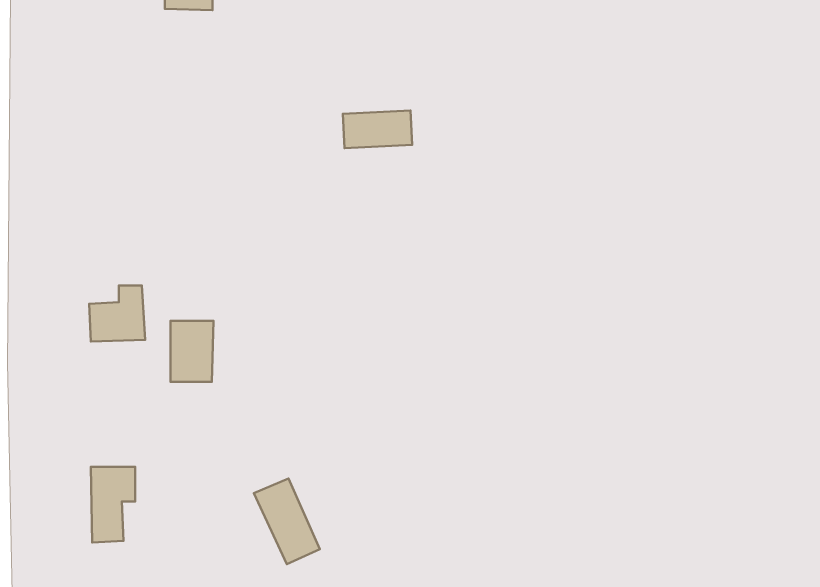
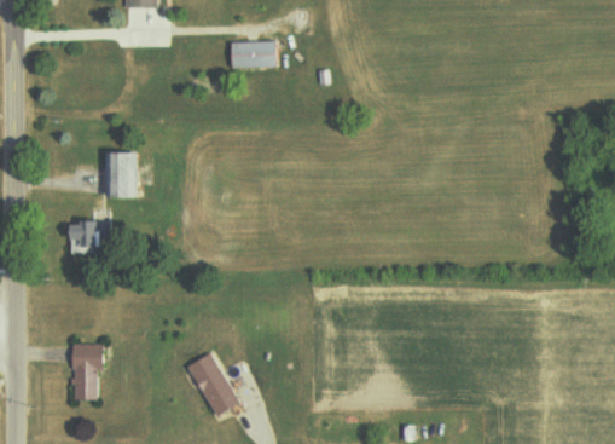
building: [343,110,412,148] -> [228,41,279,69]
building: [171,321,213,382] -> [108,155,139,200]

